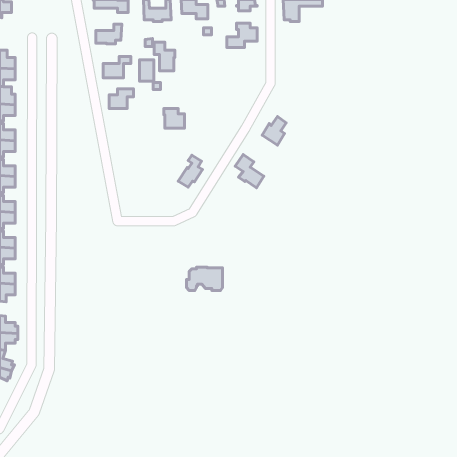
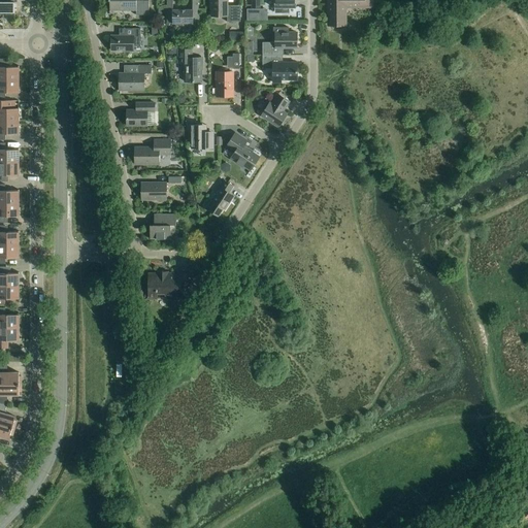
building: none -> [261,55,296,82]
building: [140,60,154,81] -> [216,71,232,96]
building: [262,116,286,145] -> [260,94,288,127]
building: none -> [133,139,169,164]
building: [235,155,264,188] -> [225,132,258,170]
building: none -> [140,183,165,199]
building: none -> [148,213,175,238]
building: [187,267,222,290] -> [144,271,186,298]

